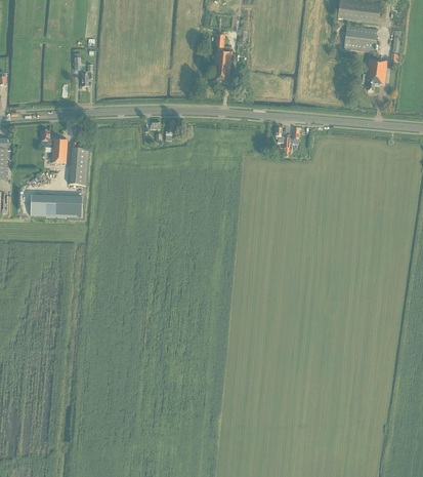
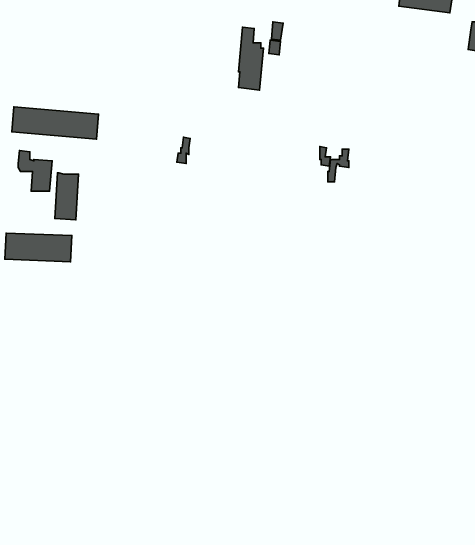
building: [343,24,386,90] -> none
building: none -> [12,107,98,139]

